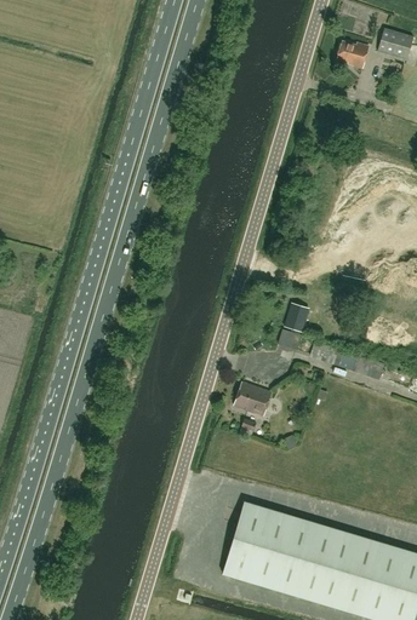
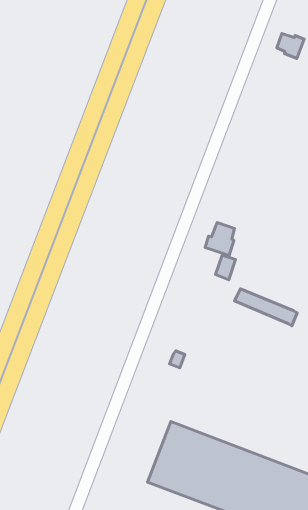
building: none -> [205,222,235,255]
building: [233,383,272,417] -> none

